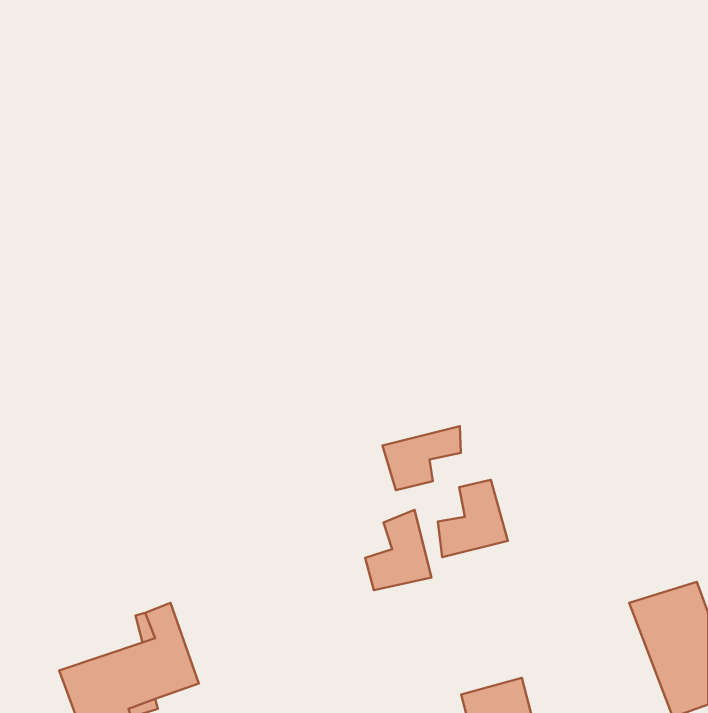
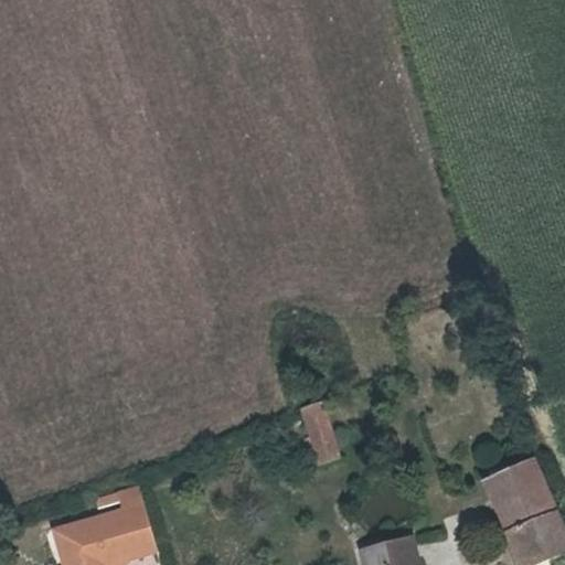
building: [383,426,461,490] -> none
building: [438,480,508,557] -> none

